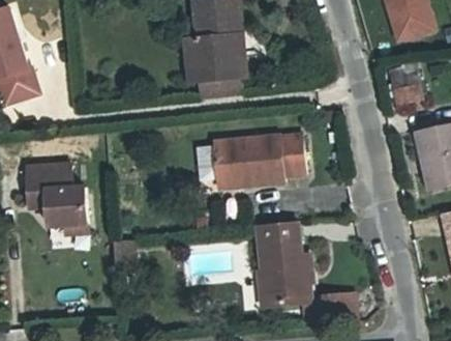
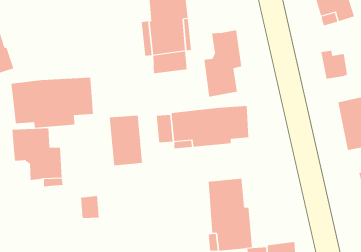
building: none -> [204,29,242,98]
building: none -> [11,77,94,128]
building: none -> [109,115,143,166]

